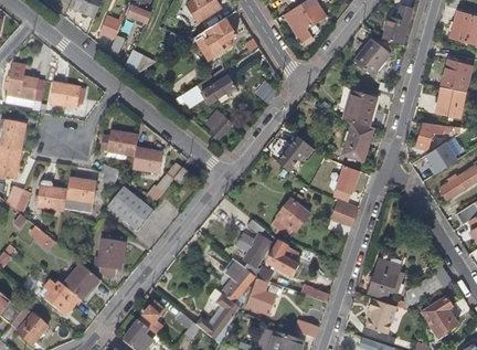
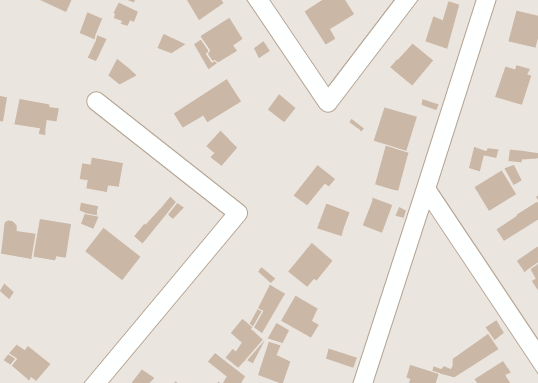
building: [435,85,465,116] -> none
building: [134,148,163,172] -> none
building: [331,198,359,225] -> [316,203,350,237]
building: [100,241,126,277] -> none
building: [368,261,403,299] -> none
building: [64,265,99,301] -> none

